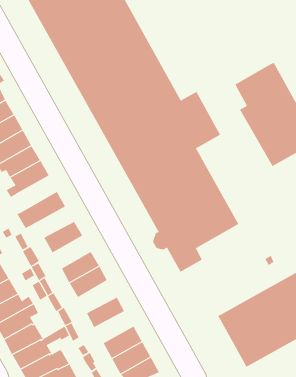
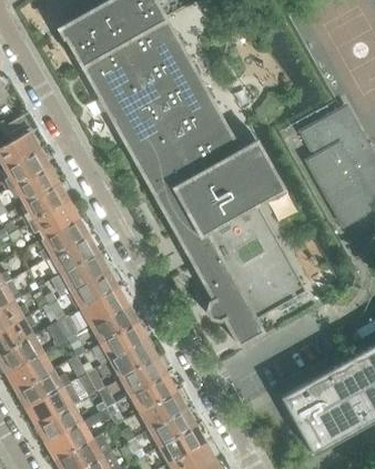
building: none -> [52,235,97,273]
building: none -> [72,271,116,306]
building: none -> [91,304,135,341]
building: none -> [120,355,165,392]
building: none -> [139,390,184,427]

